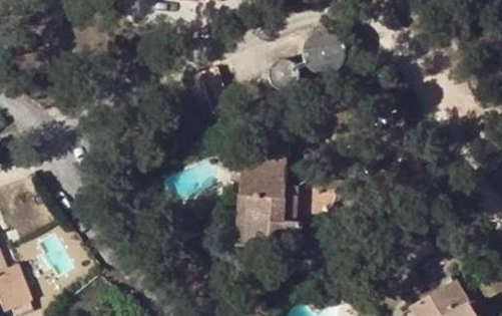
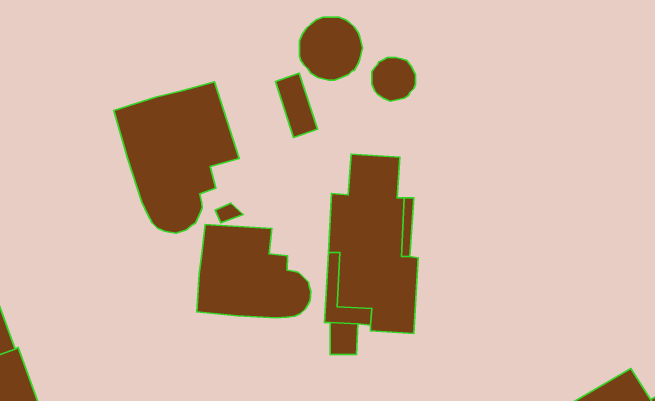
building: [303,28,348,73] -> [300,17,362,80]
building: none -> [114,82,239,233]
building: none -> [197,224,311,318]

